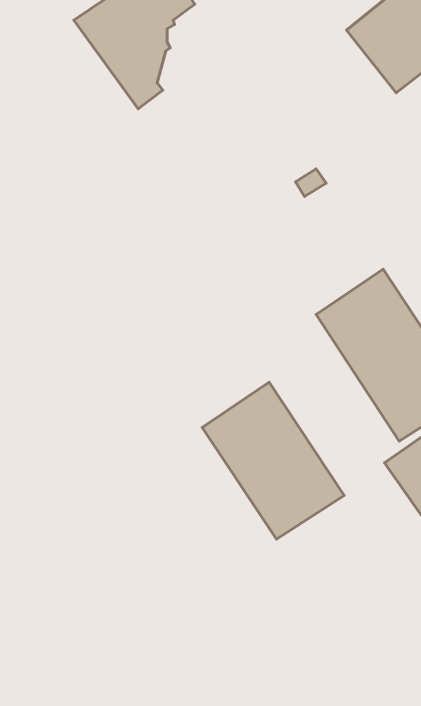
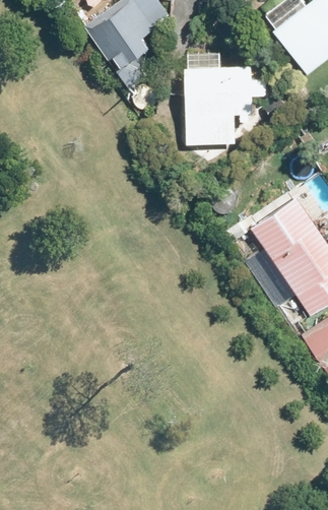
building: none -> [186,54,266,144]
building: [202,382,344,539] -> none

